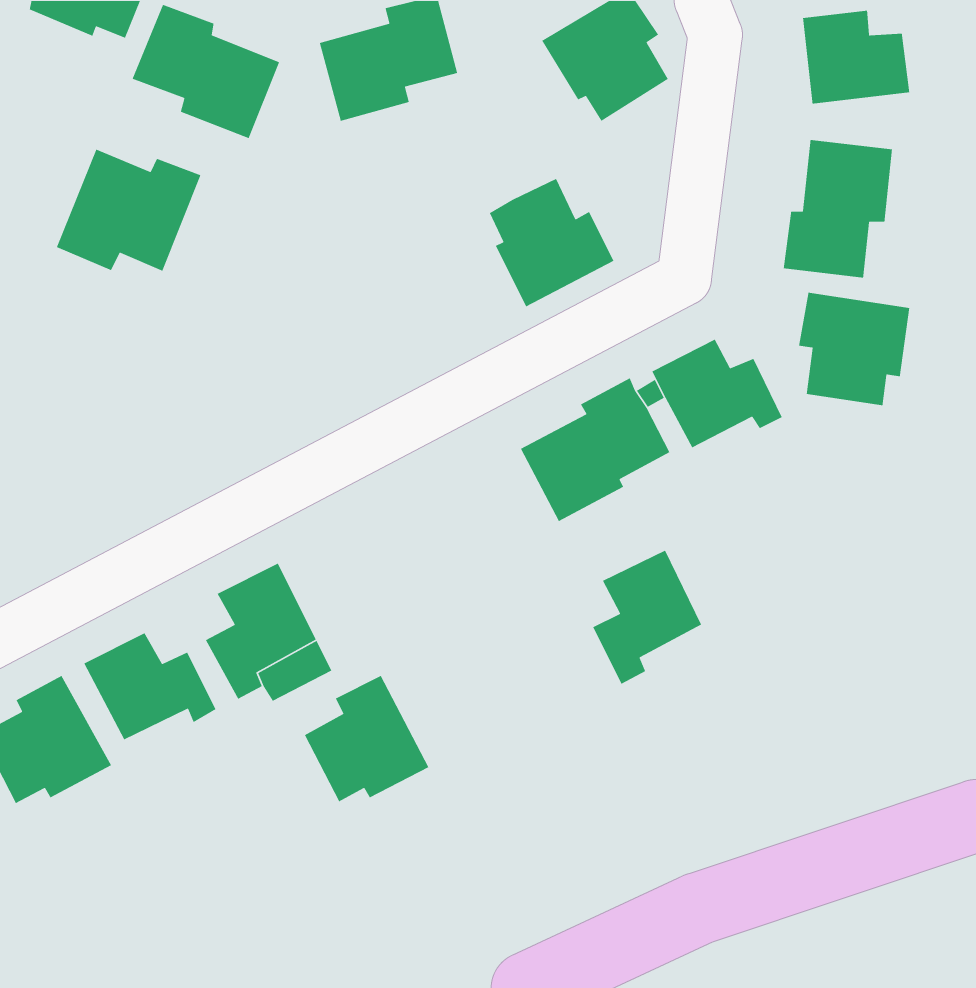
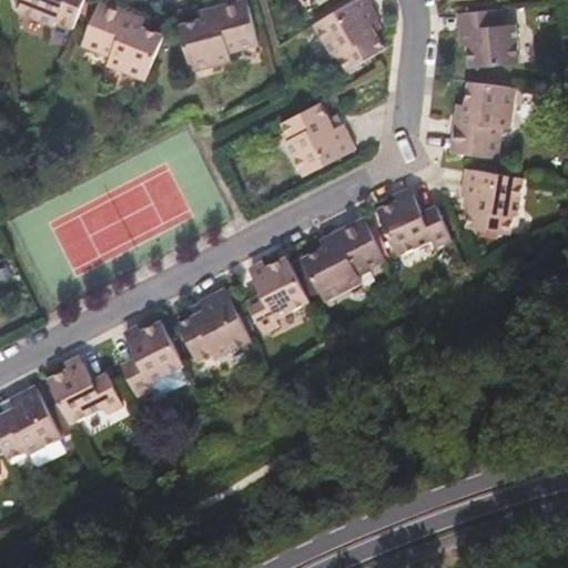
building: [56,148,201,272] -> none
building: [592,550,702,685] -> [243,256,306,334]
building: [304,675,430,802] -> [179,290,251,363]

